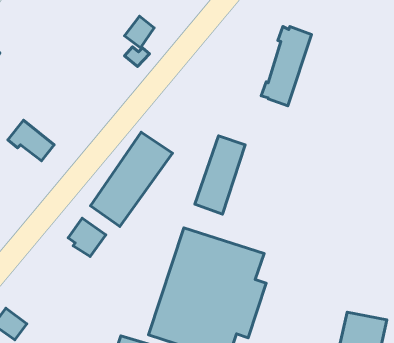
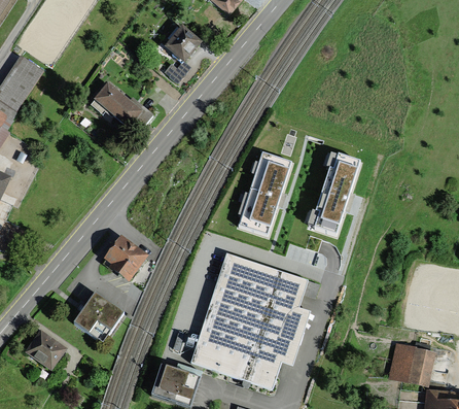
building: [261,27,312,106] -> [309,154,361,236]
building: [8,120,54,161] -> [94,87,142,129]
building: [90,132,172,227] -> none
building: none -> [73,296,121,345]

